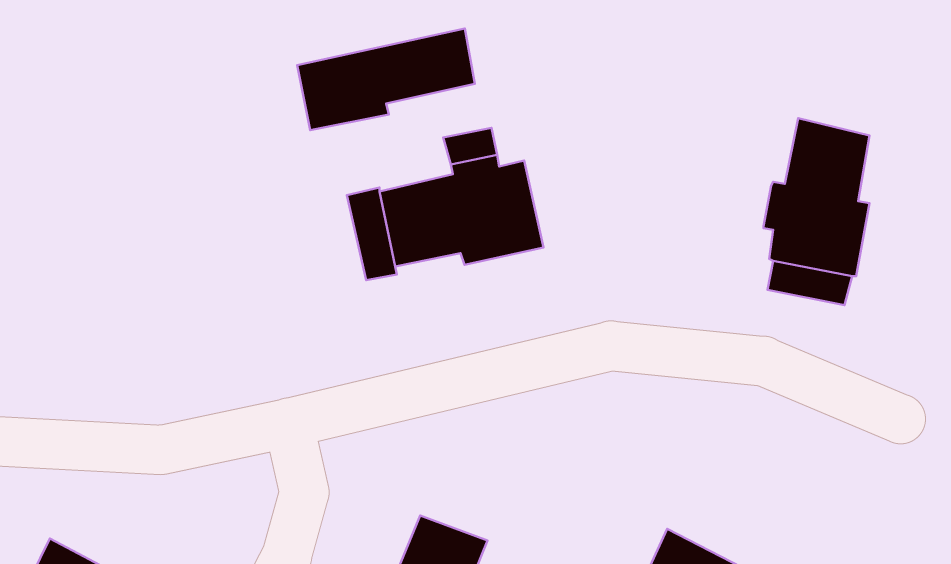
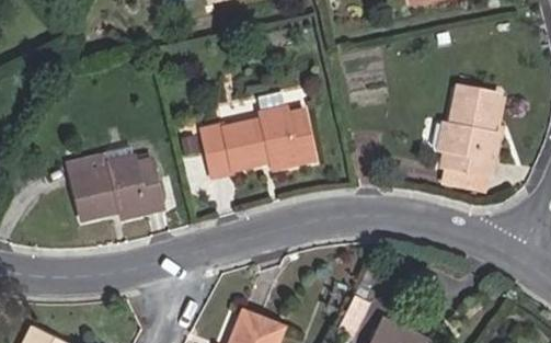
building: [297,28,475,130] -> none
building: none -> [69,157,163,220]

